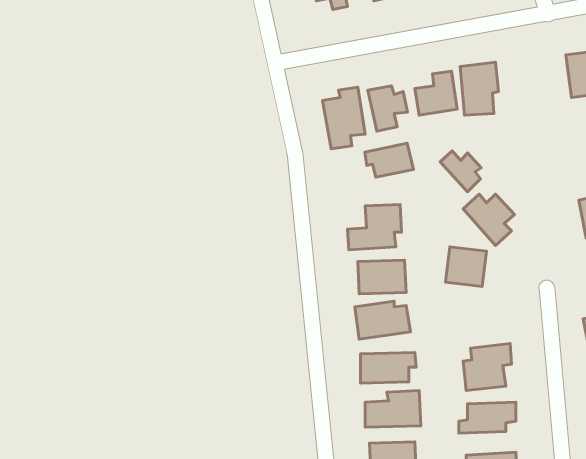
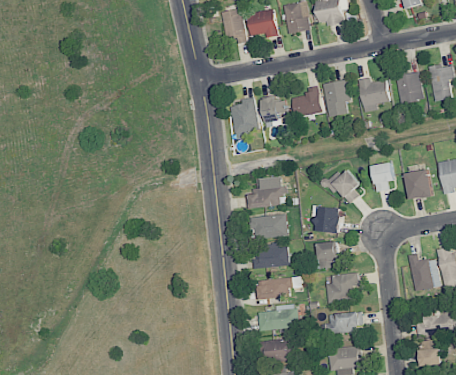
building: none -> [357,78,388,112]
building: [365,143,413,177] -> none
building: [440,151,481,192] -> none
building: none -> [371,162,394,192]
building: none -> [316,242,337,268]

